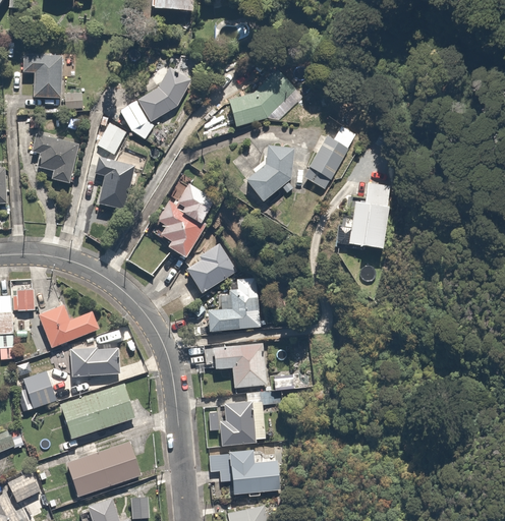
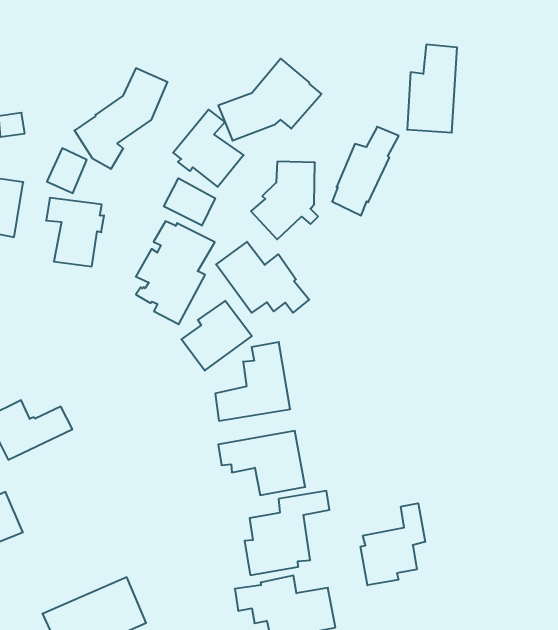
building: none -> [173,110,244,187]
building: none -> [164,178,215,226]
building: [348,183,390,249] -> [407,45,457,133]
building: none -> [216,242,309,313]
building: [69,343,120,377] -> none
building: [60,384,135,439] -> none
building: none -> [361,503,425,585]

